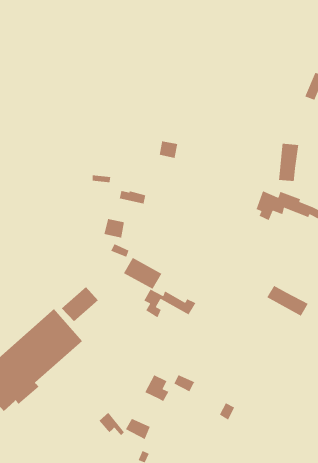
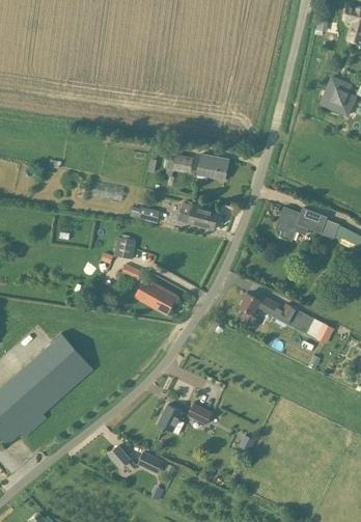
building: none -> [197,155,228,181]
building: [278,143,299,182] -> none
building: none -> [178,202,219,230]
building: [61,286,99,322] -> none
building: [143,288,197,318] -> [240,294,297,326]

